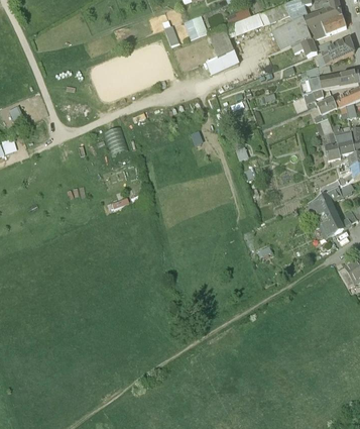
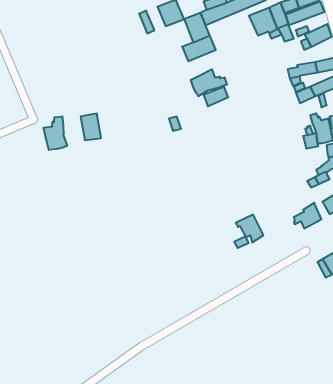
building: none -> [191,69,227,96]
building: none -> [43,116,67,150]
building: [310,193,337,220] -> [236,215,263,242]

